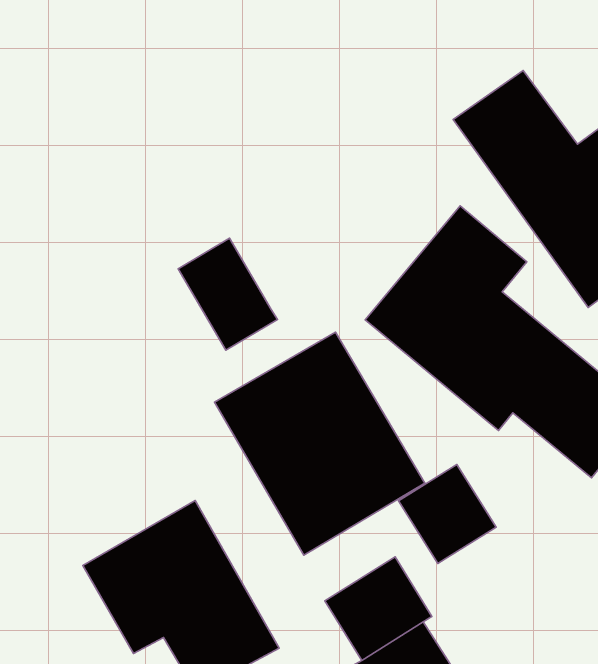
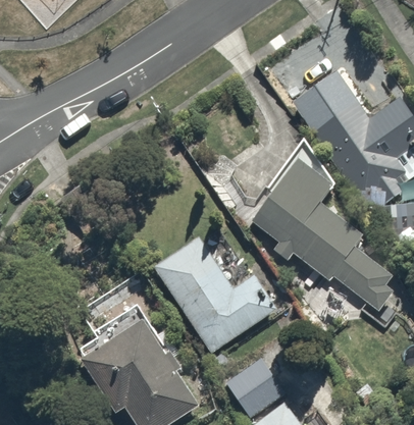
building: [178,238,277,350] -> none
building: [398,465,496,564] -> none

